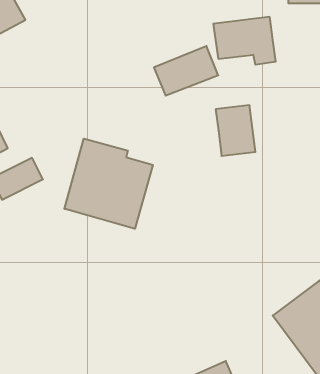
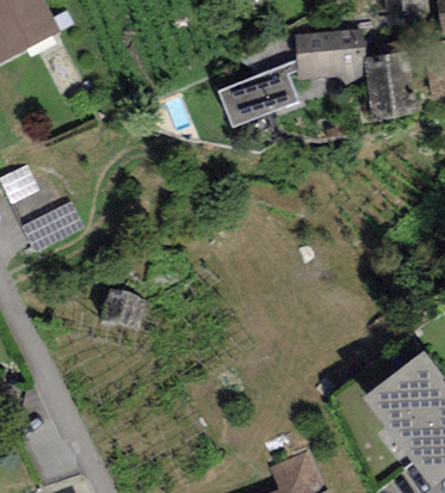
building: [216,105,255,156] -> [364,53,413,115]
building: [64,139,153,229] -> none
building: none -> [99,288,147,331]

